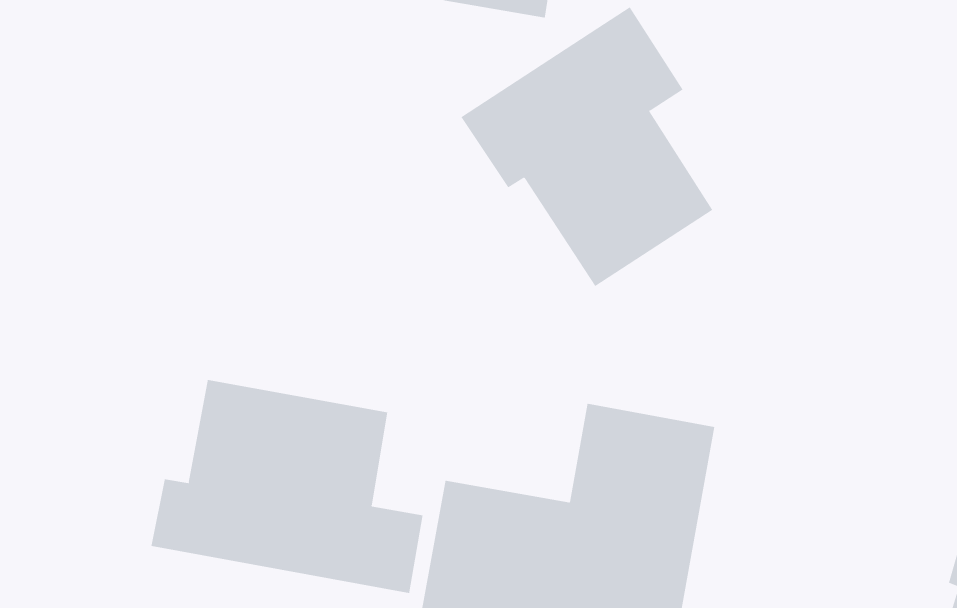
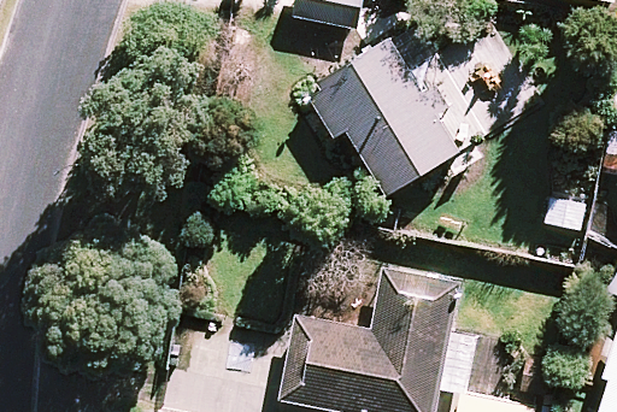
building: [151,379,423,594] -> none

